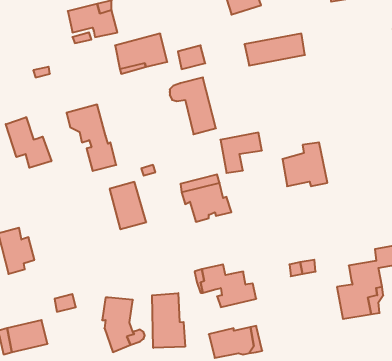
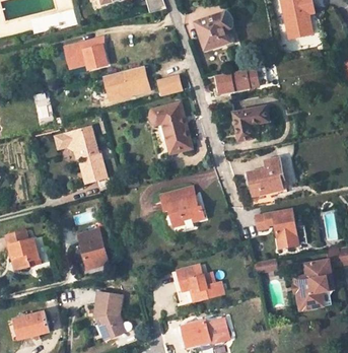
building: [6,117,51,168] -> none
building: [220,133,262,173] -> [233,107,269,141]
building: [110,182,146,229] -> [75,230,107,271]
building: none -> [256,210,305,249]
building: [152,293,185,348] -> none

